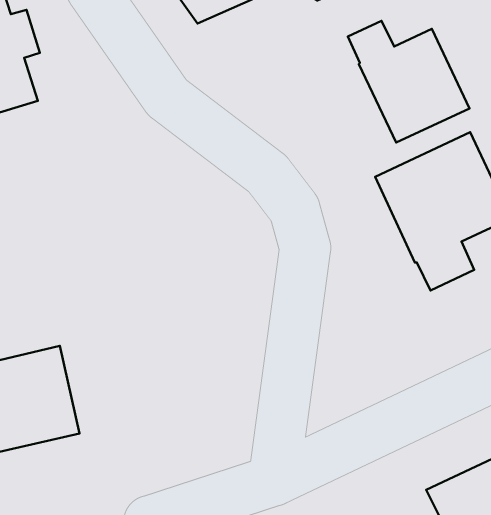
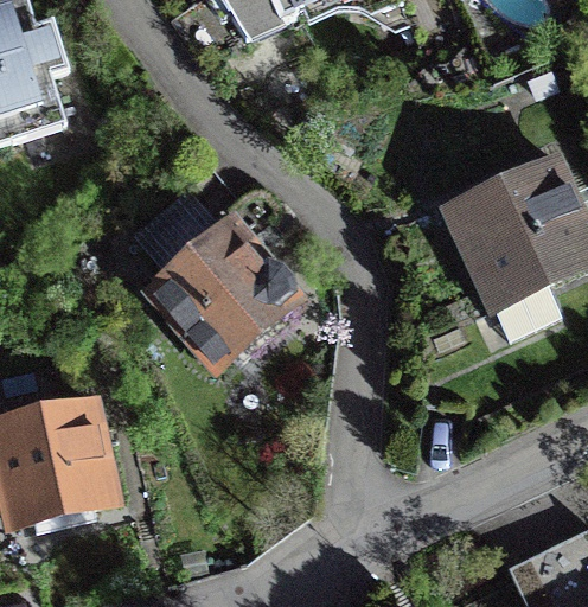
building: [348,21,469,143] -> none
building: none -> [153,217,296,365]

